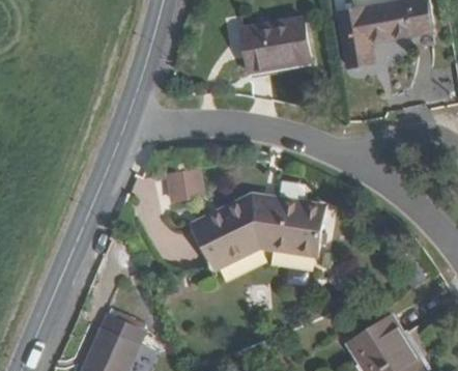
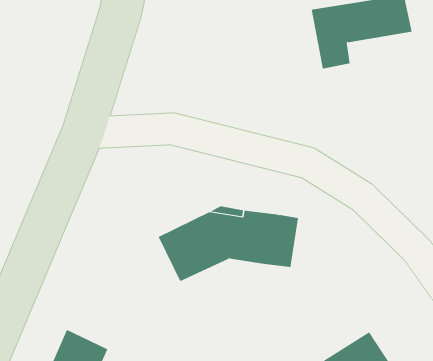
building: [241,18,312,74] -> none
building: [162,168,200,202] -> none

